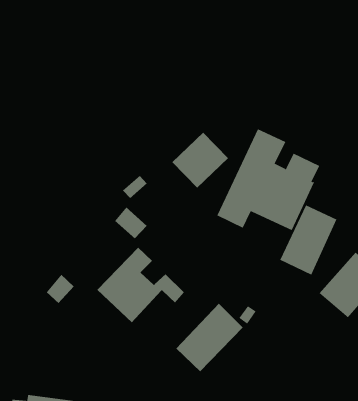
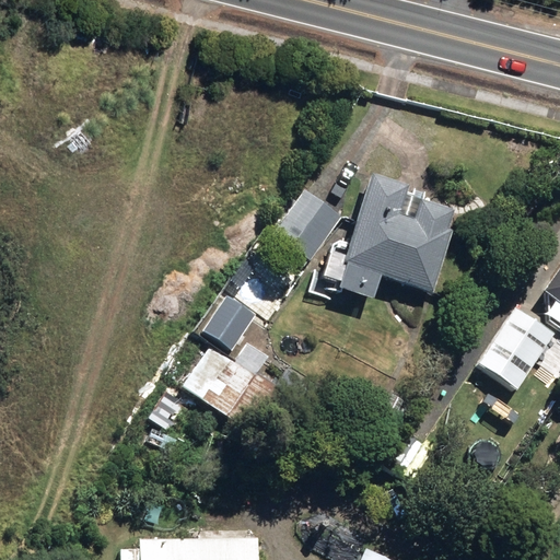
building: [280,205,337,276] -> none
building: [176,303,244,372] -> none

